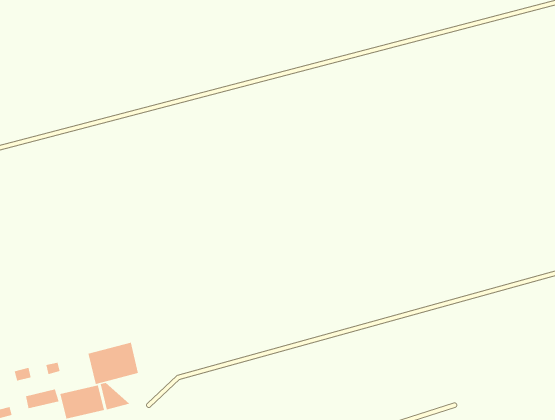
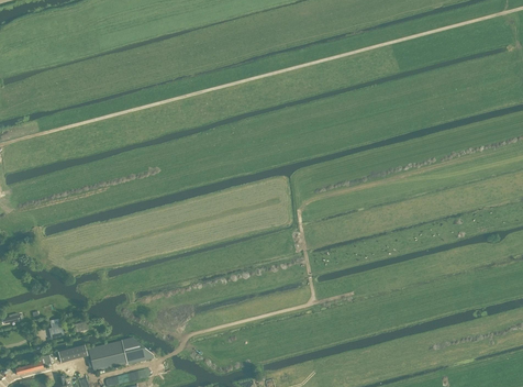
building: [88,342,139,385] -> none

